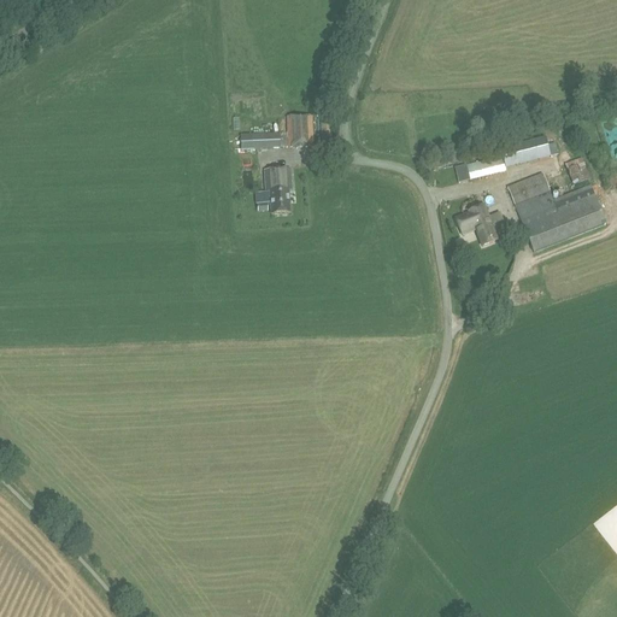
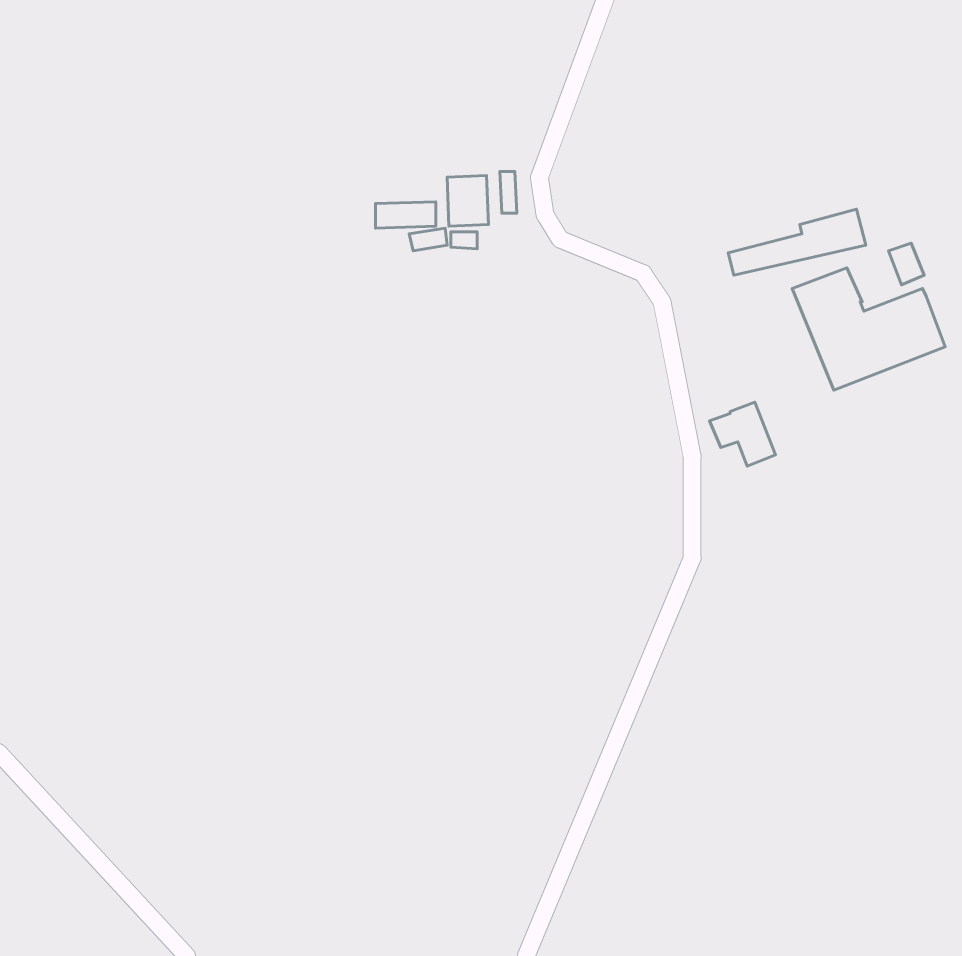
building: [264,166,290,213] -> none
building: [454,204,496,245] -> [710,402,776,466]

